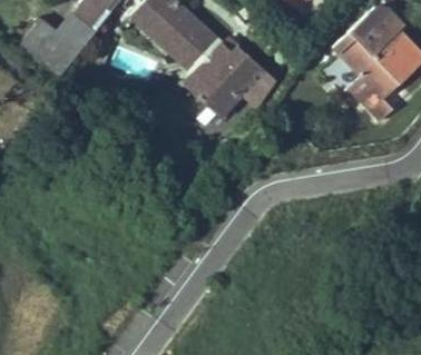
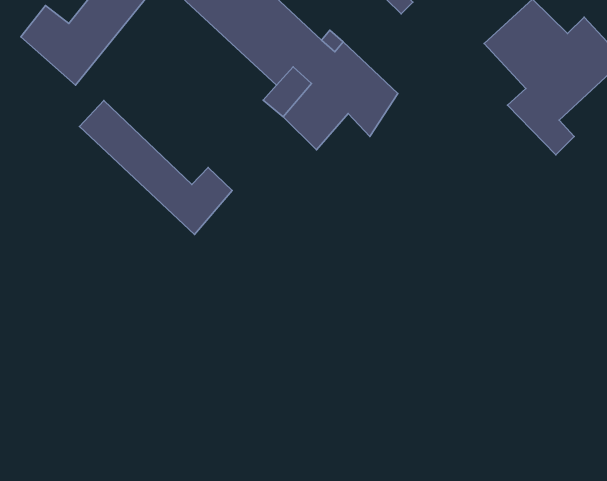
building: none -> [80,101,232,234]

